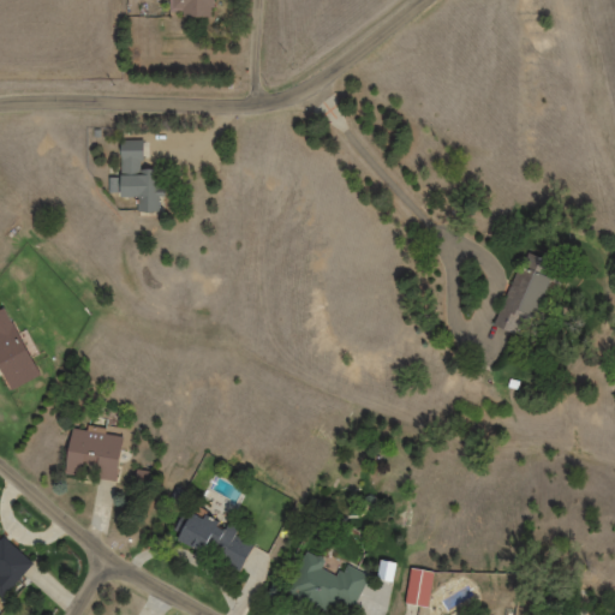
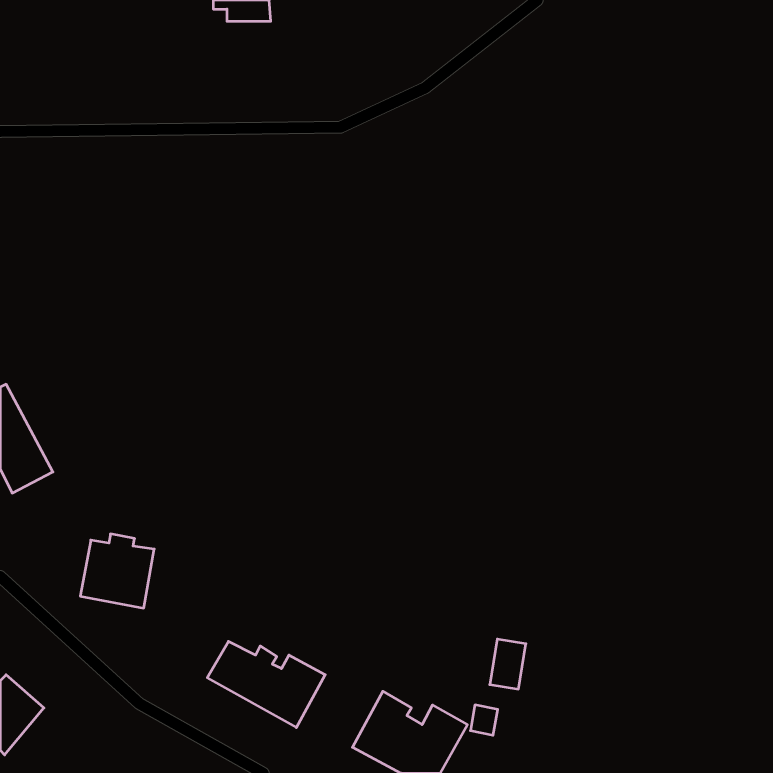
building: [107,141,171,211] -> none
building: [490,252,559,341] -> none
building: [404,567,432,607] -> [490,639,526,689]

